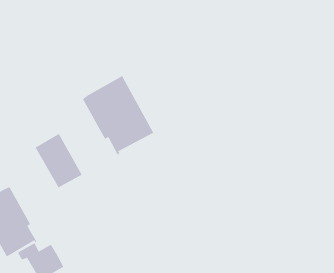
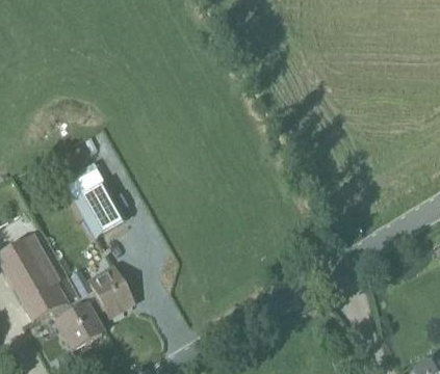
building: [82,75,155,155] -> none
building: none -> [81,267,134,317]

